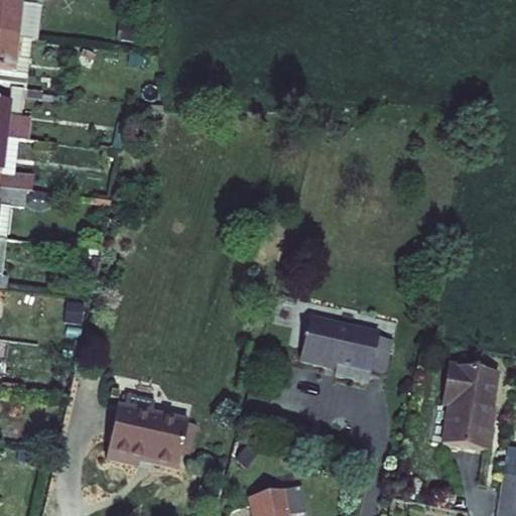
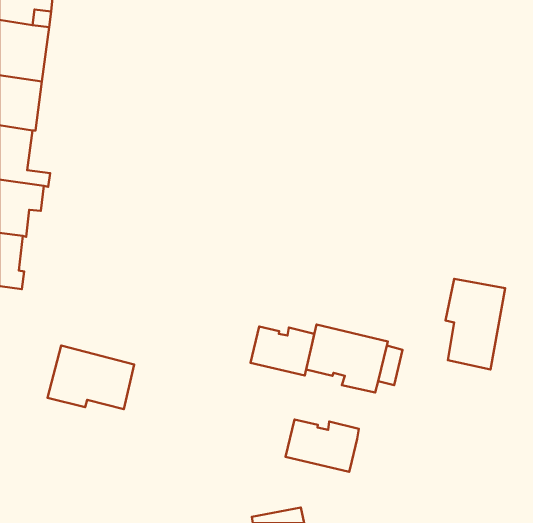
building: none -> [250,326,314,375]
building: [438,360,496,447] -> [446,279,505,370]
building: [101,403,184,465] -> [48,346,134,409]
building: none -> [285,419,359,472]

